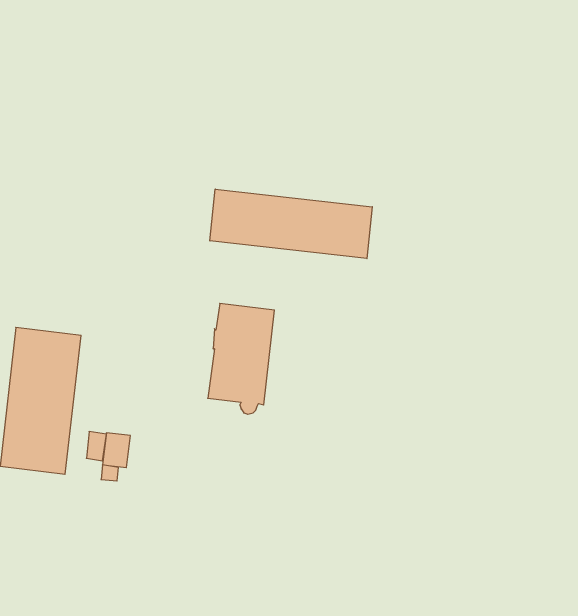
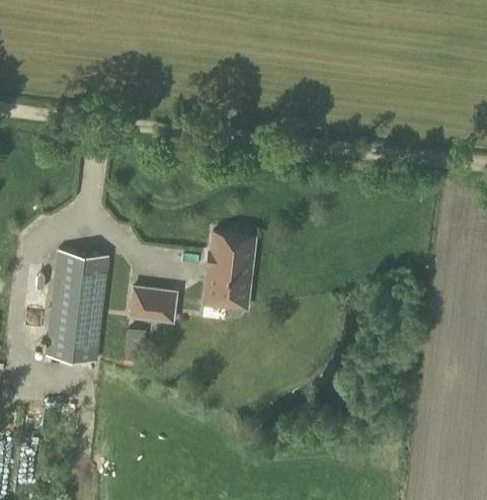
building: [210,189,372,259] -> none
building: none -> [128,286,177,325]

